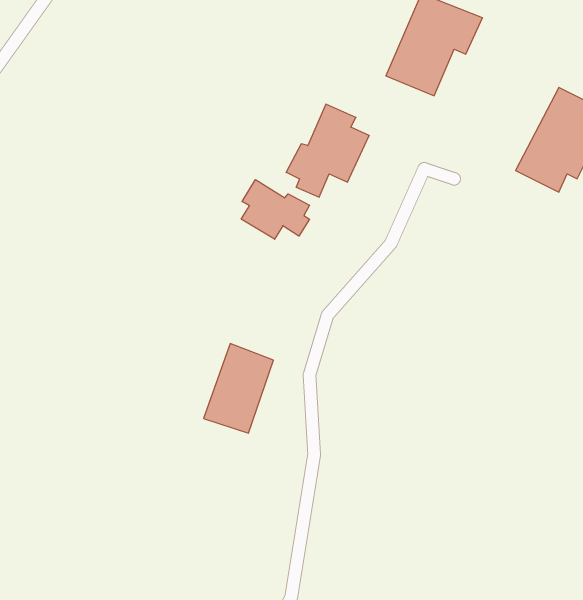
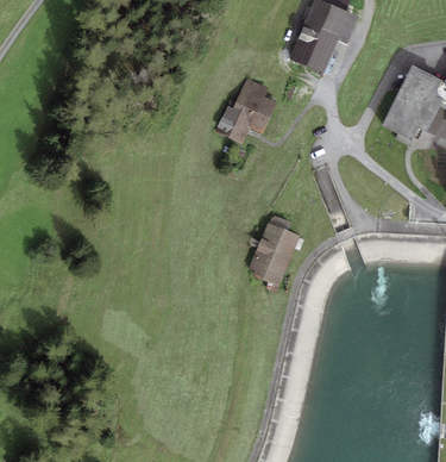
building: [241,180,310,239] -> none
building: [204,344,273,433] -> [246,226,296,291]

